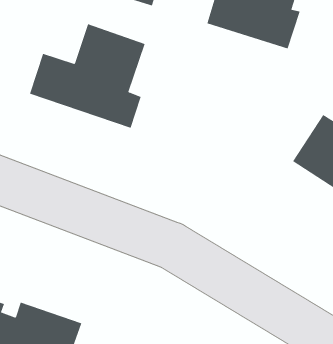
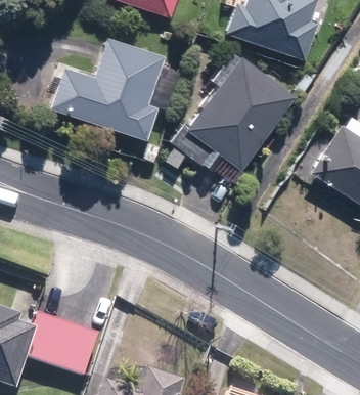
building: none -> [172,54,295,167]

